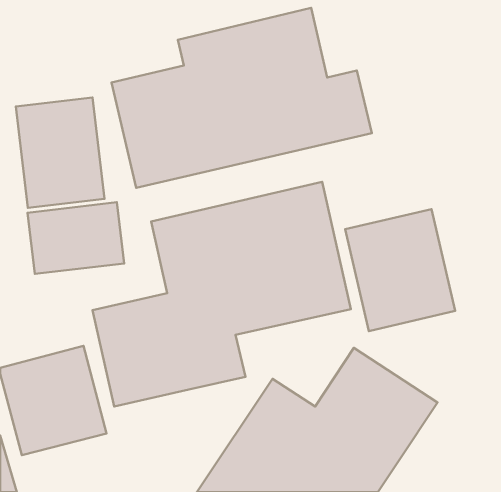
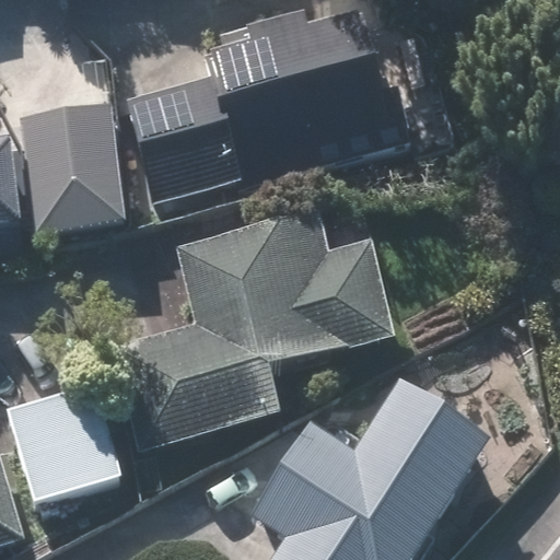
building: [28,202,124,274] -> none
building: [345,209,455,331] -> none

